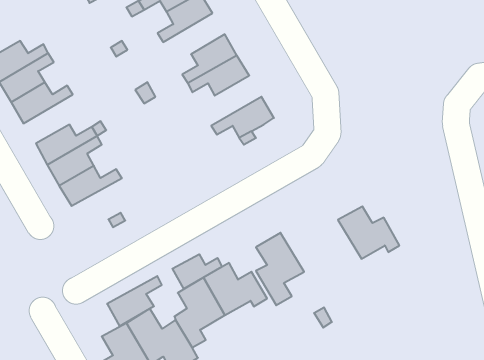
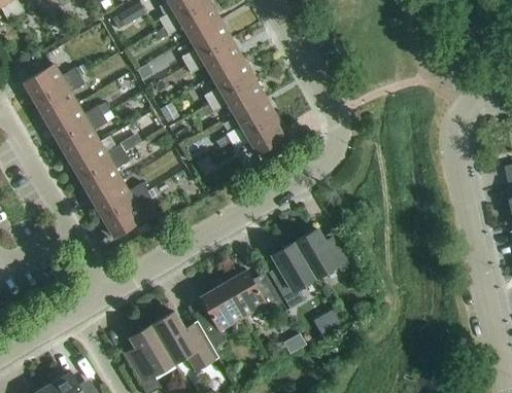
building: none -> [185,38,242,76]
building: none -> [226,96,276,142]
building: none -> [57,113,107,158]
building: [338,206,399,259] -> [294,228,350,277]
building: [172,254,222,289] -> none
building: [107,276,162,326] -> [101,190,151,237]

